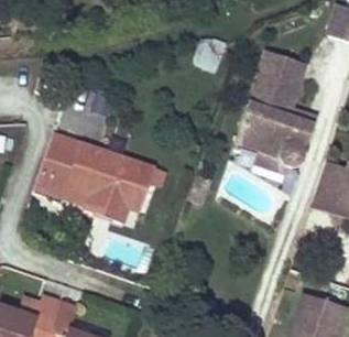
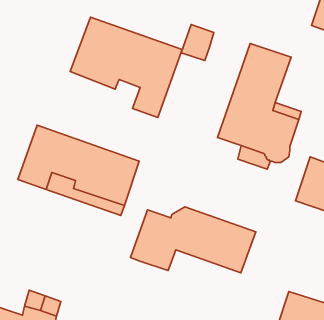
building: none -> [70,17,182,118]
building: none -> [130,207,256,273]

